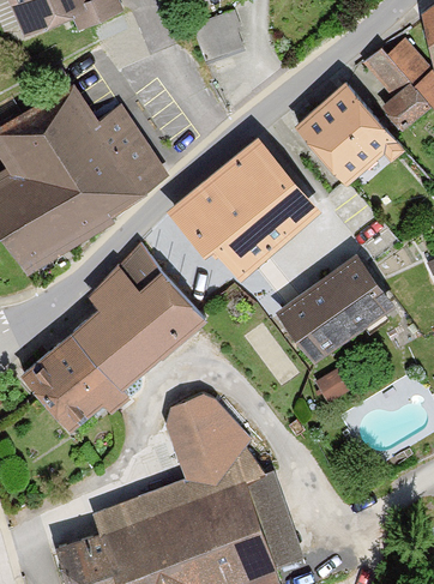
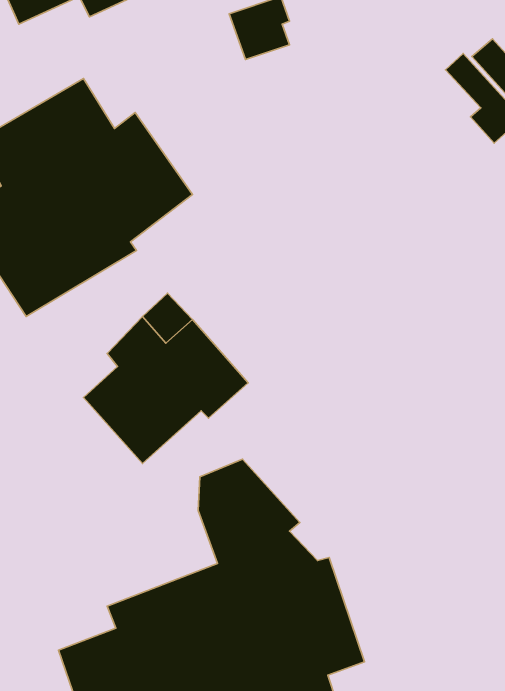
building: [294,80,403,180] -> none
building: [169,136,319,276] -> none
building: [273,253,391,363] -> none
building: [25,338,132,438] -> none

